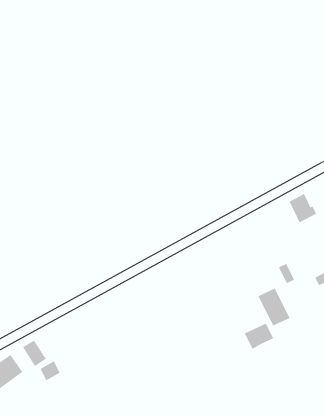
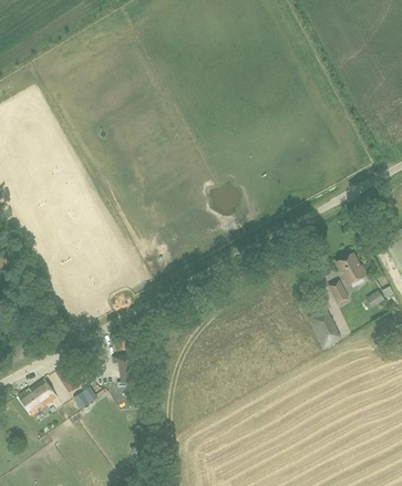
building: [289,193,317,223] -> [336,252,365,285]
building: [244,323,274,350] -> none

